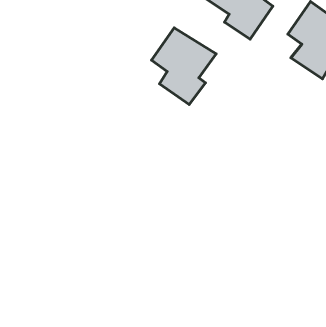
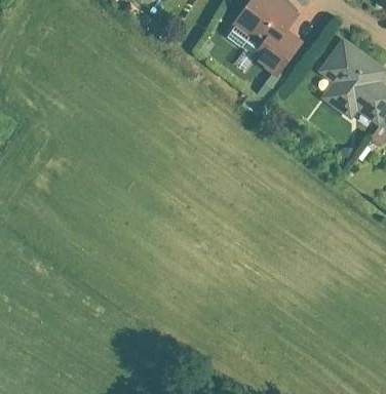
building: [152,28,216,105] -> none

